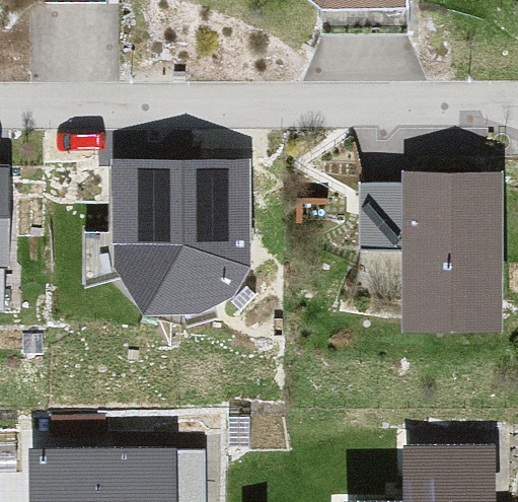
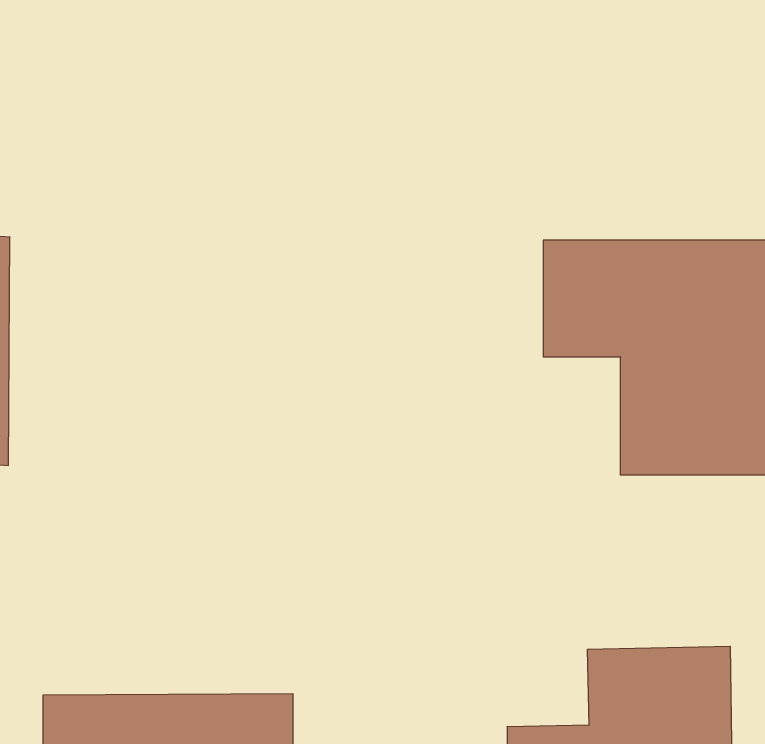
building: [113,171,244,320] -> none

